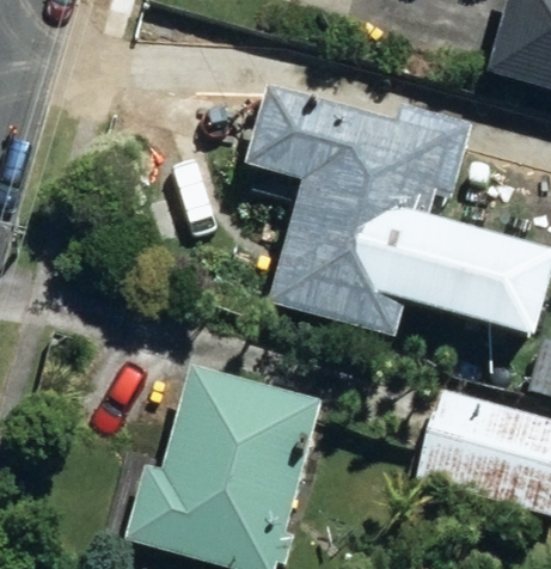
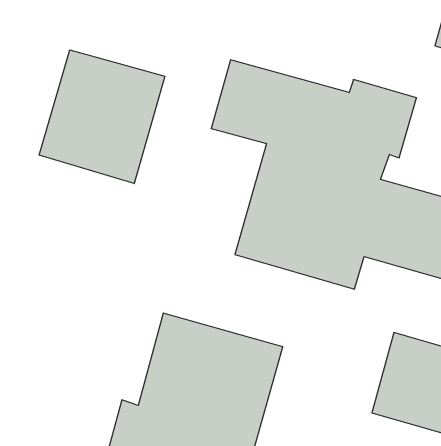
building: none -> [39,50,165,184]

